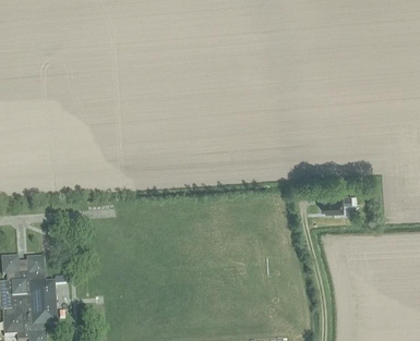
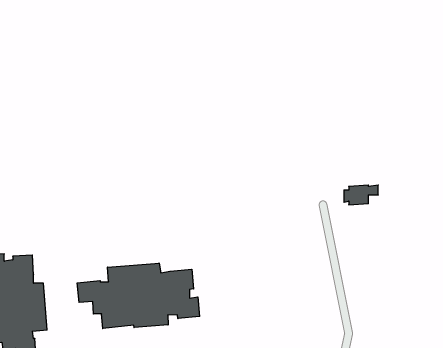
building: none -> [77,263,200,329]

